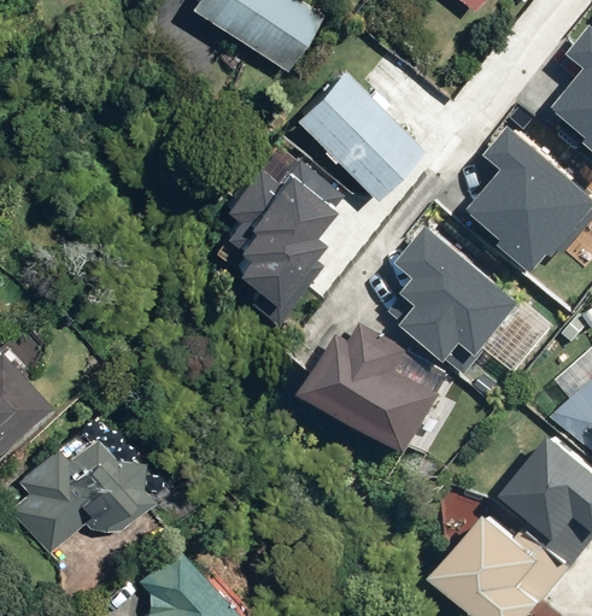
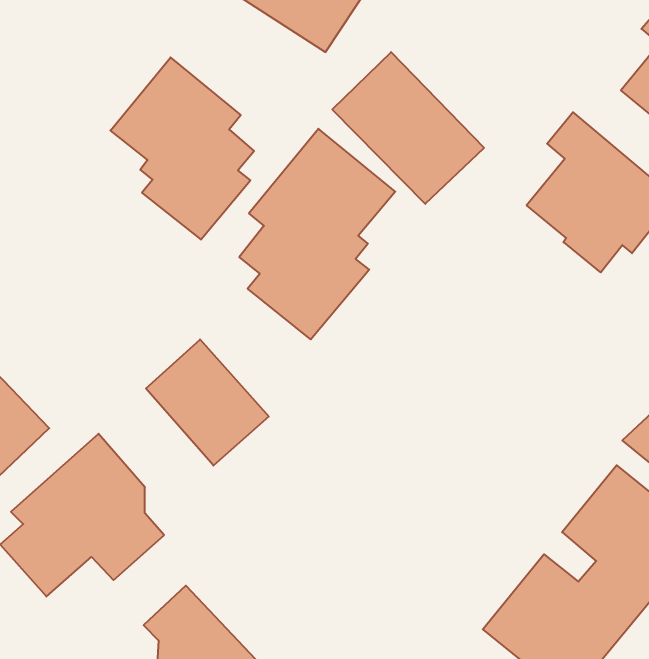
building: none -> [110,57,254,240]
building: [391,225,522,365] -> none
building: [297,323,441,459] -> none
building: none -> [146,339,269,466]

